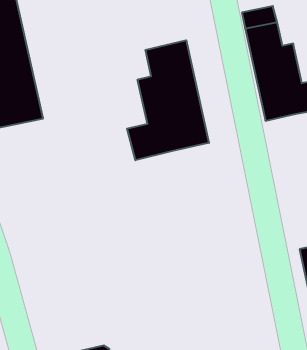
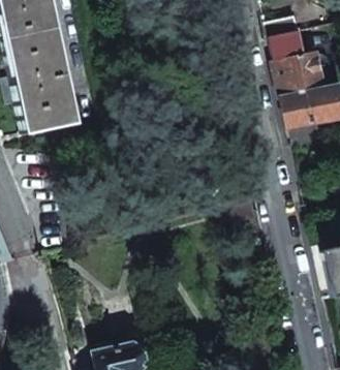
building: [127,40,209,160] -> none

